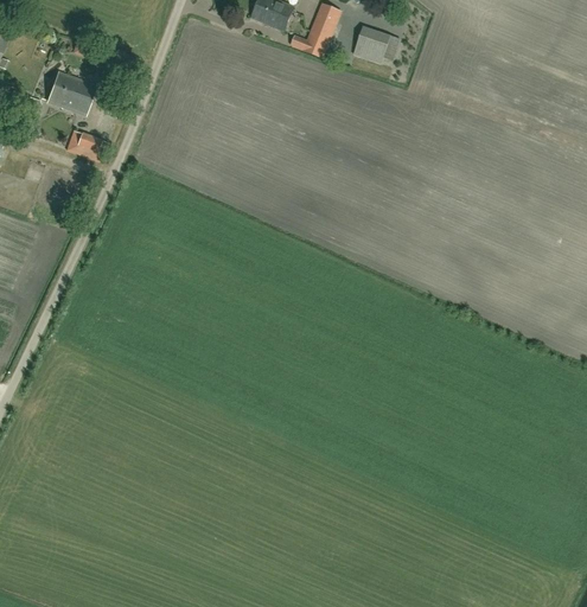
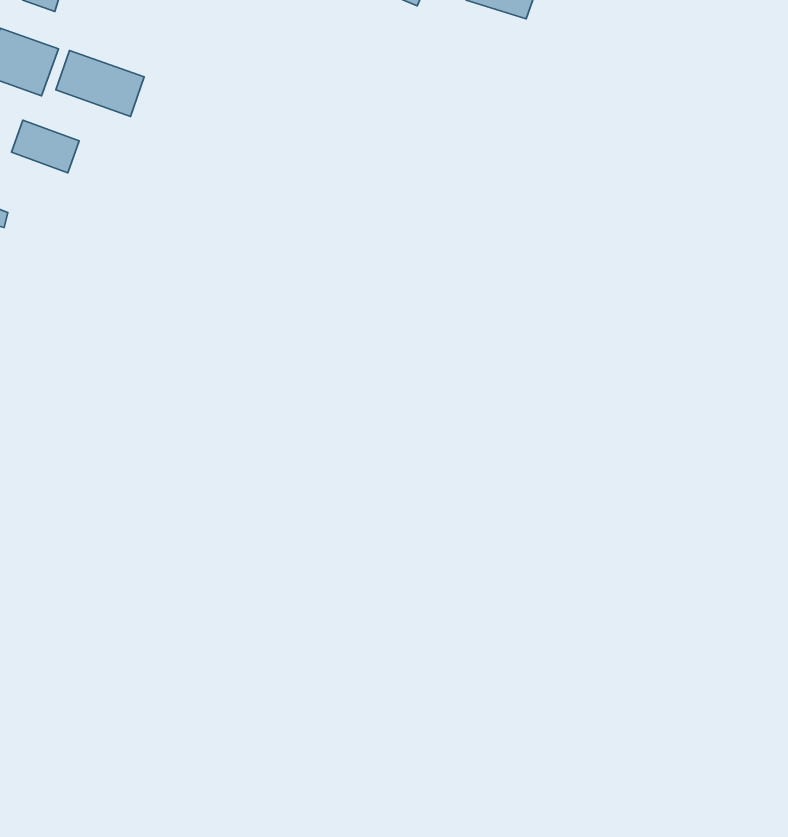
building: none -> [56,50,144,116]

